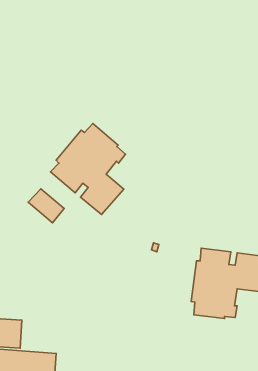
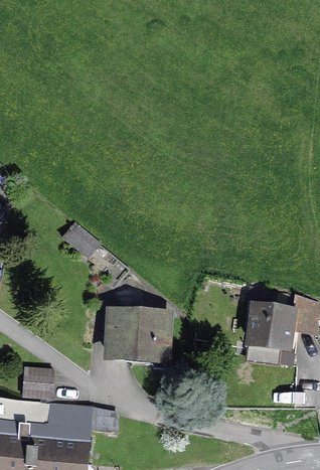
building: [51,124,125,215] -> none
building: none -> [102,307,173,366]

